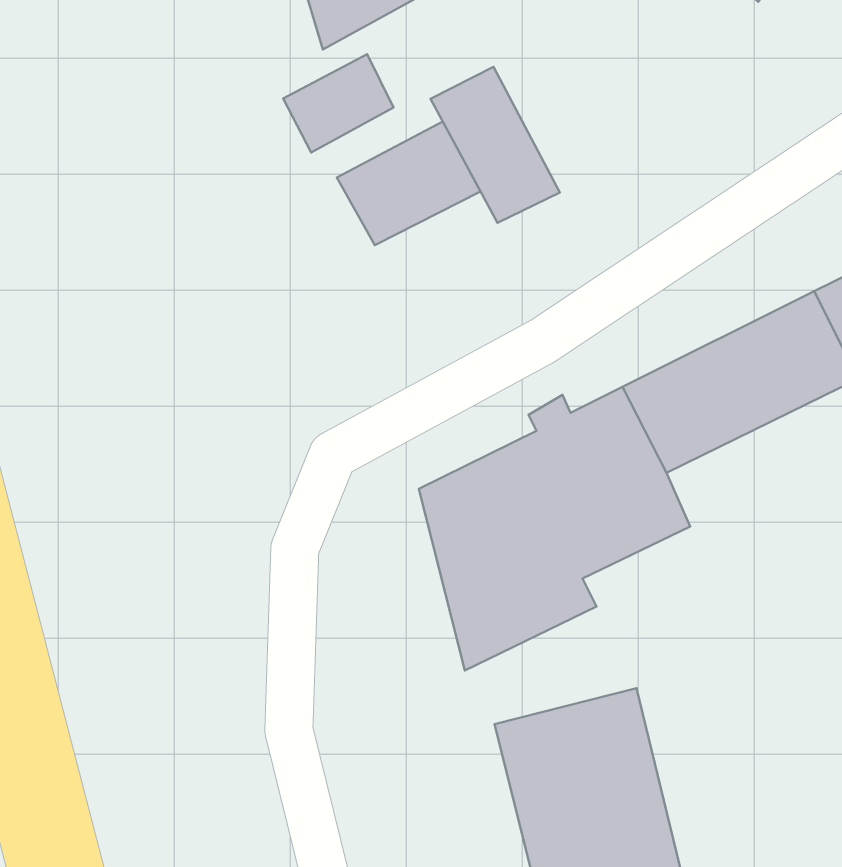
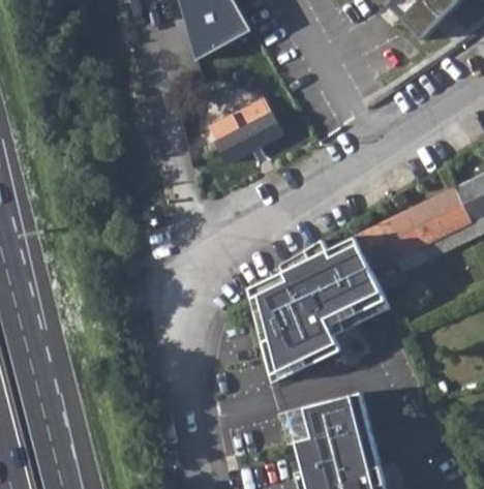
building: [283,54,394,153] -> none
building: [430,67,560,223] -> none

